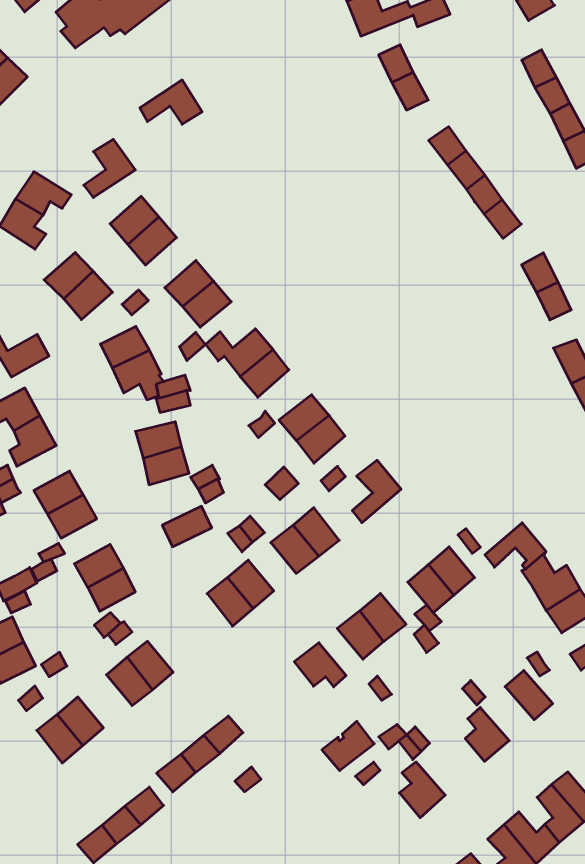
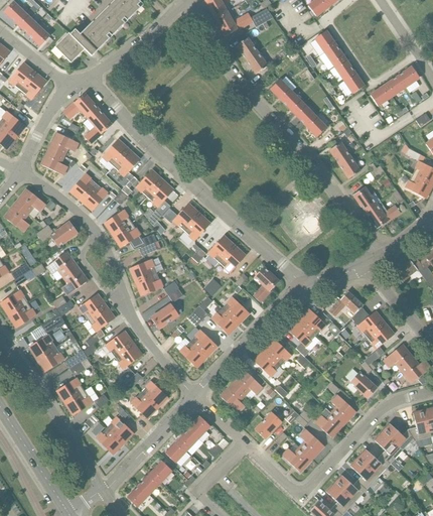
building: [140,80,202,124] -> [63,93,98,118]
building: none -> [220,382,245,412]
building: none -> [313,412,343,436]
building: none -> [282,446,312,472]

